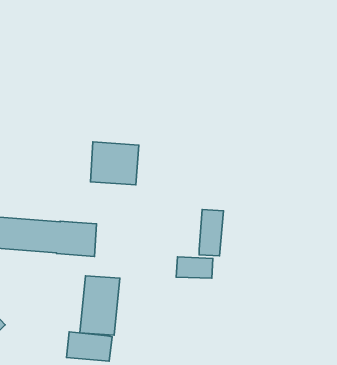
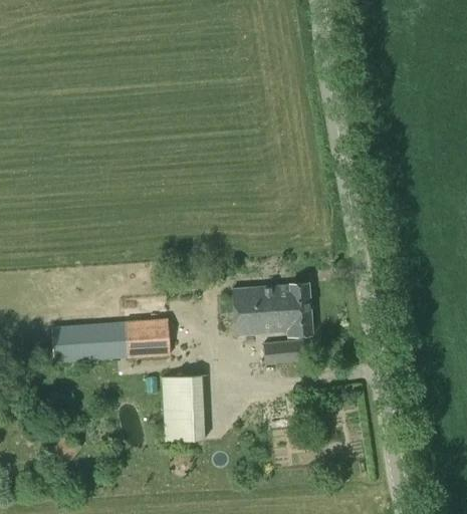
building: [91,142,139,185] -> [231,284,286,333]
building: [66,332,112,361] -> none

